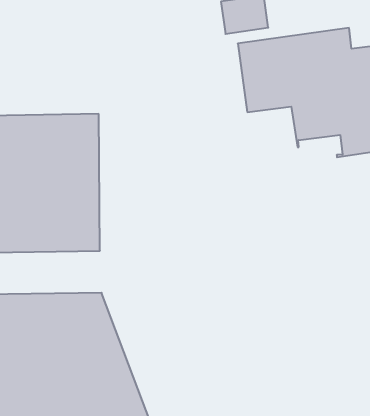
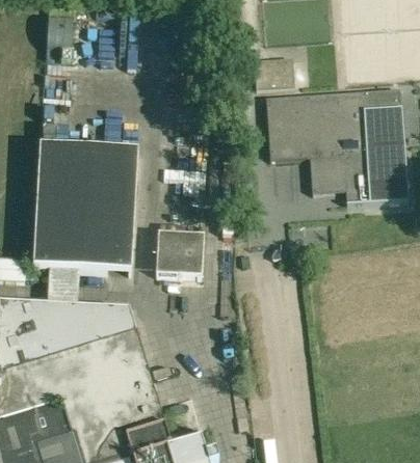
building: none -> [155,229,203,274]

